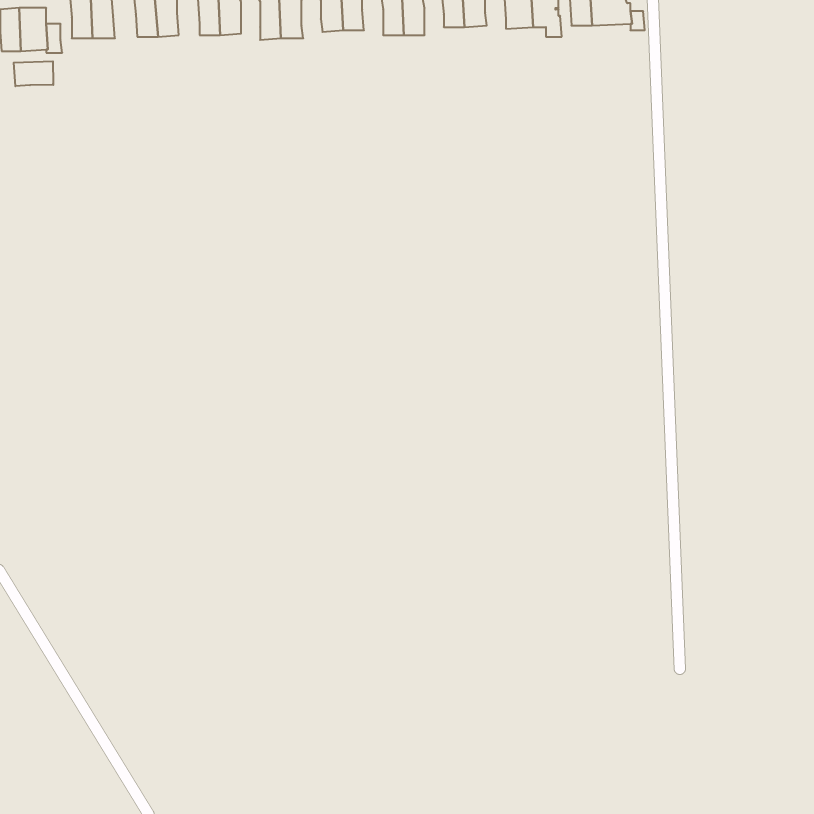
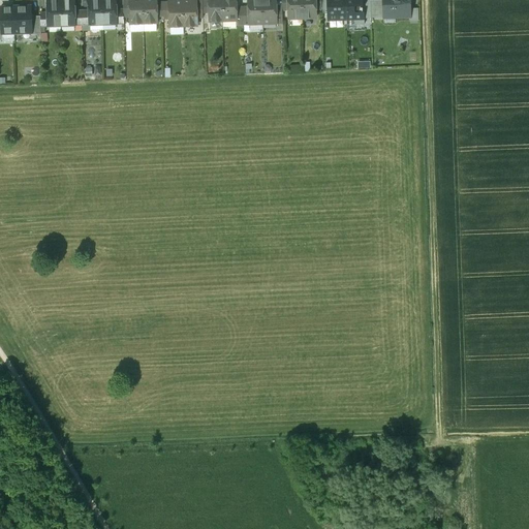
building: [14,61,53,86] -> none

